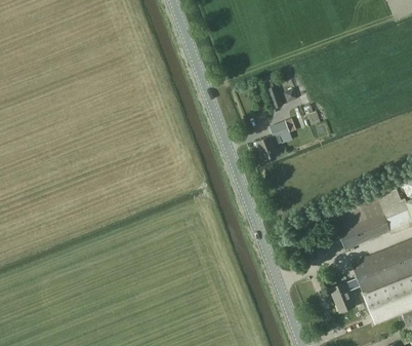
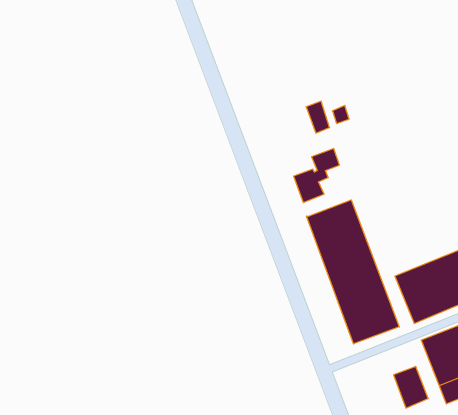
building: none -> [307,200,399,344]

